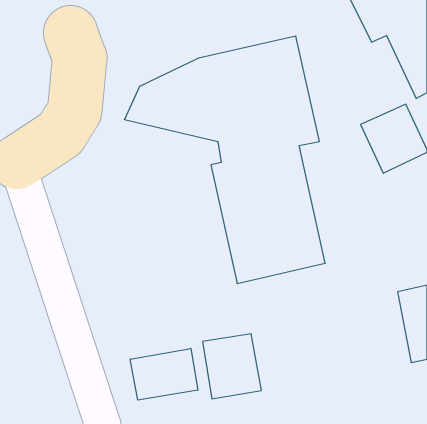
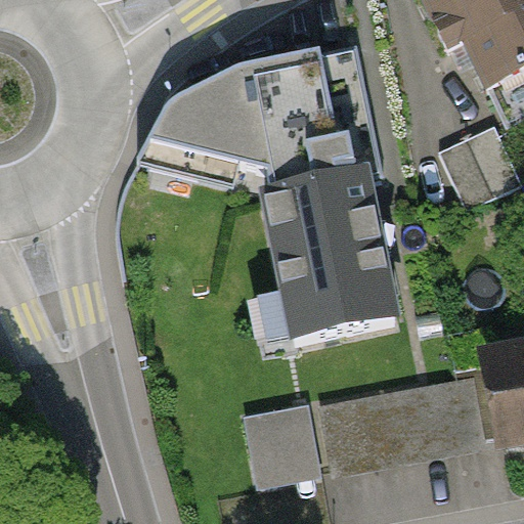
building: none -> [316,377,475,467]
building: [130,348,198,400] -> none

